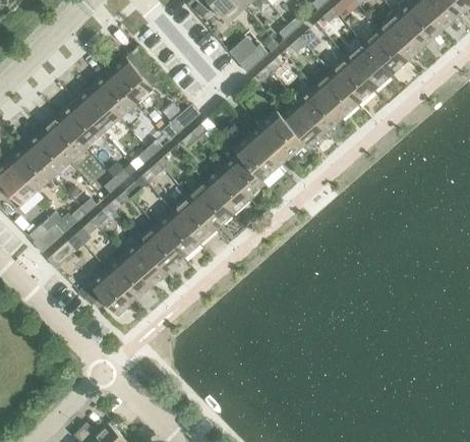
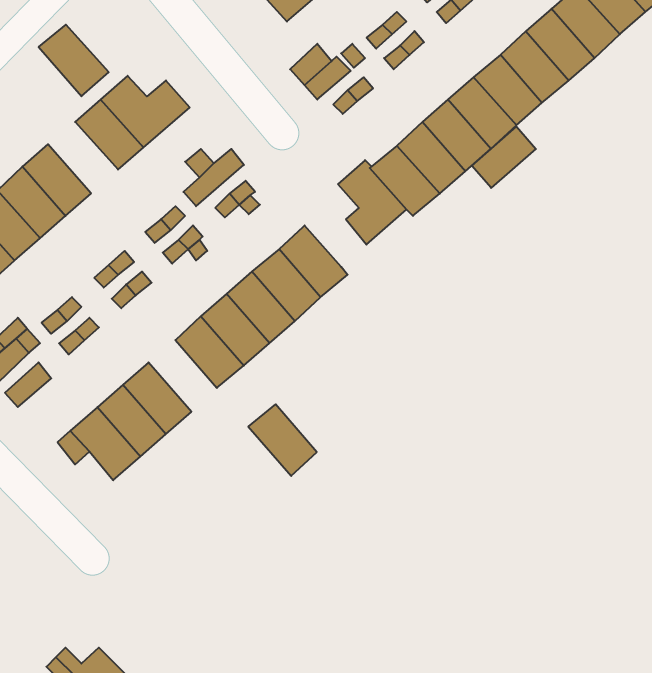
building: [75,87,120,132] -> [39,25,109,96]
building: none -> [472,127,536,188]
building: [234,126,279,179] -> none
building: [139,226,183,272] -> [248,404,317,476]

